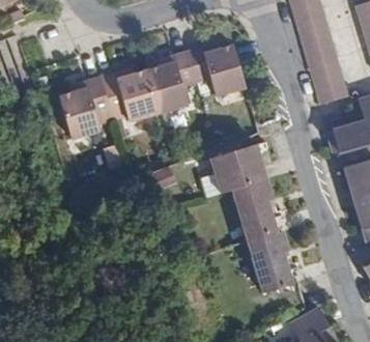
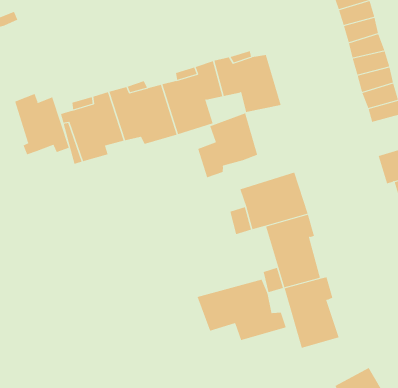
building: none -> [15,93,69,155]
building: none -> [198,112,258,178]
building: none -> [197,279,287,341]

